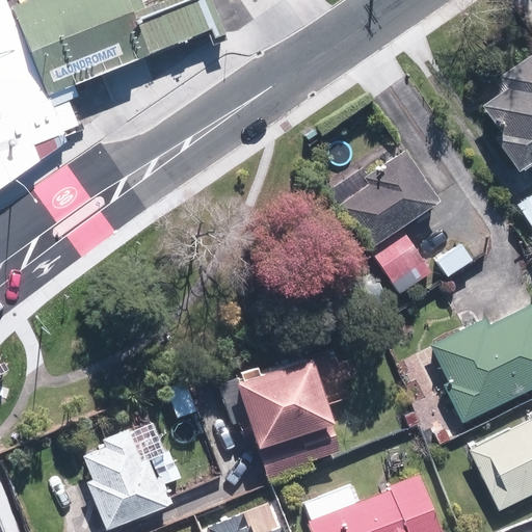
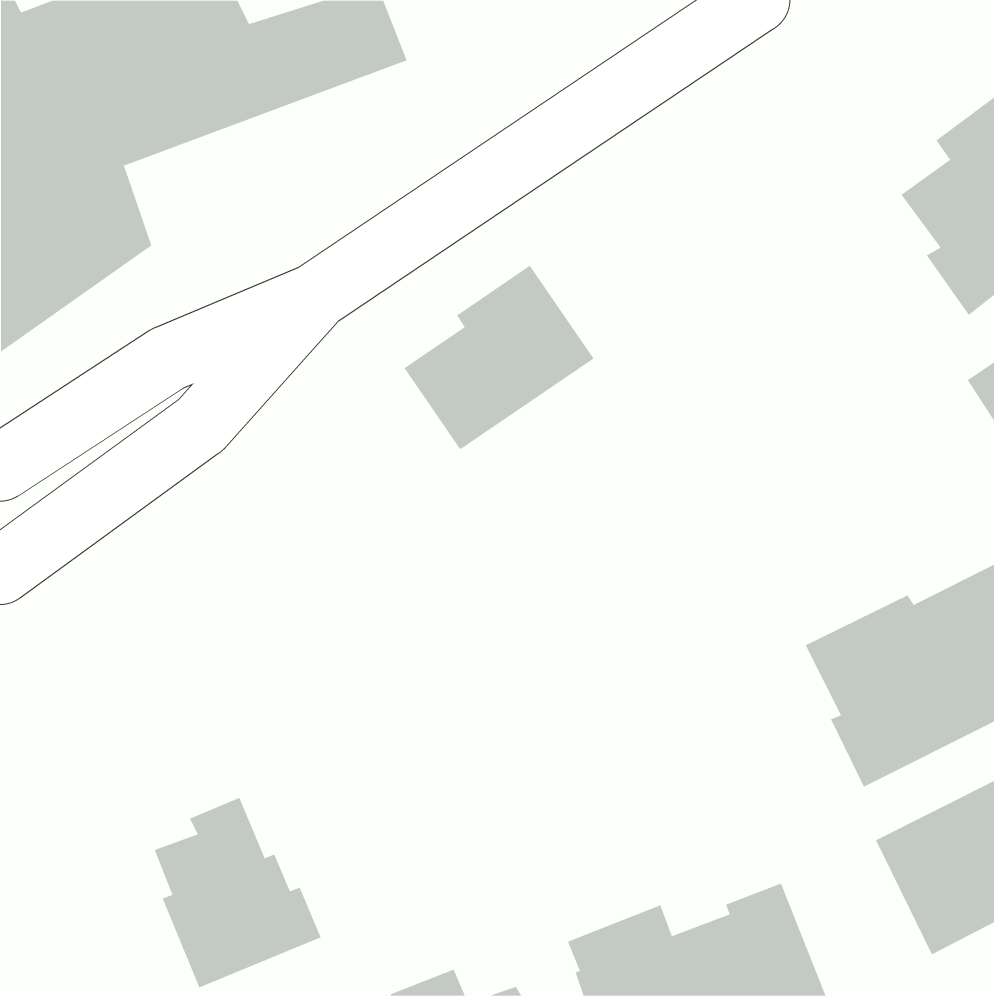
building: [337,149,438,247] -> [403,265,594,450]
building: [373,232,431,292] -> none
building: [236,353,341,480] -> none

